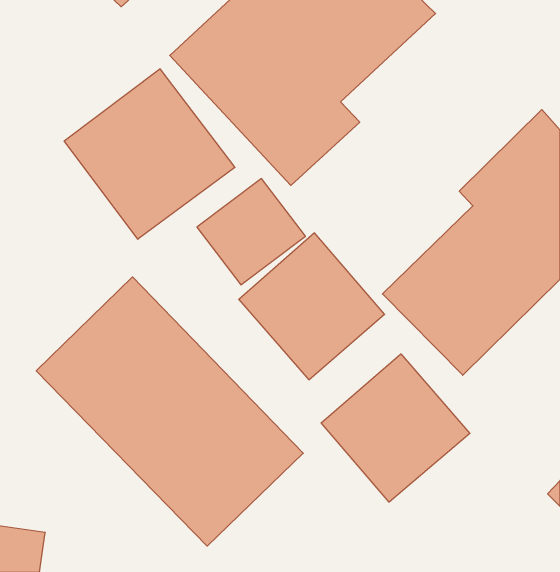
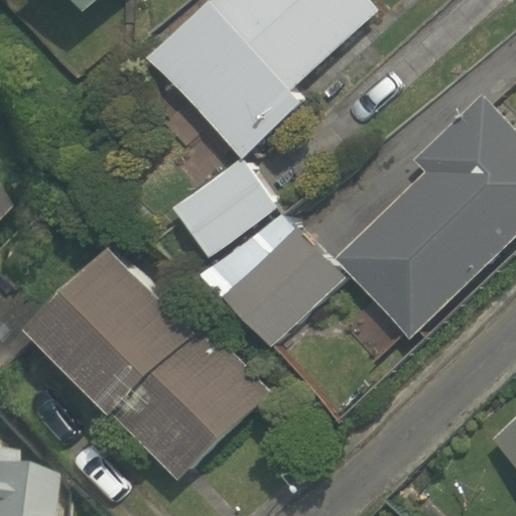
building: [64,69,235,239] -> none
building: [321,354,470,502] -> none

